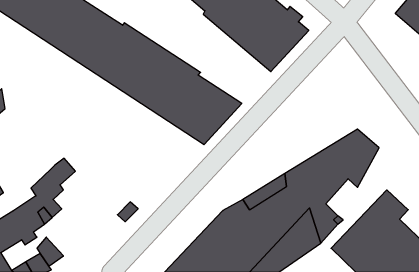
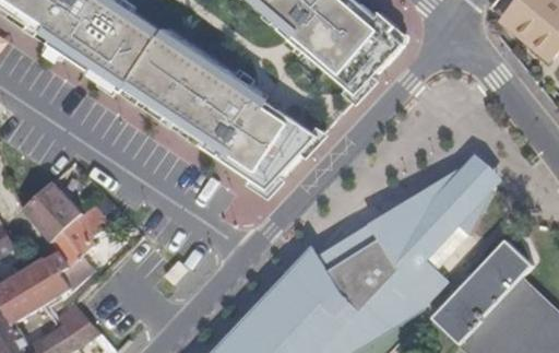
building: none -> [21,181,79,242]

